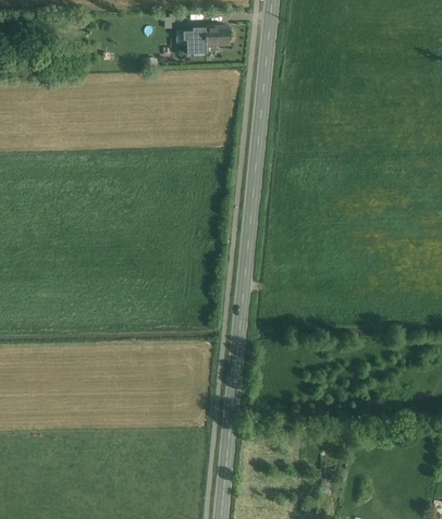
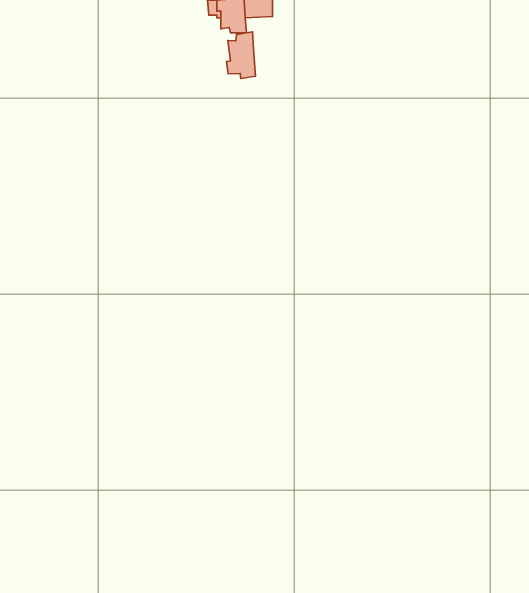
building: none -> [226,32,256,78]

